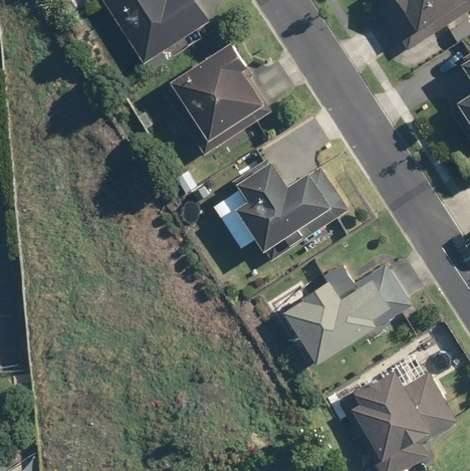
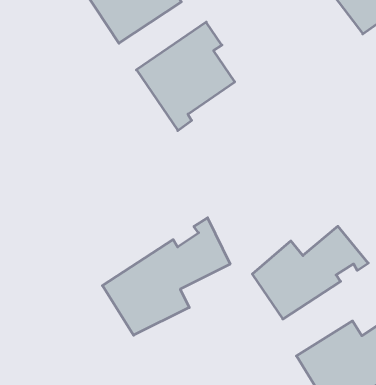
building: [212,160,343,250] -> none
building: none -> [102,218,230,335]

